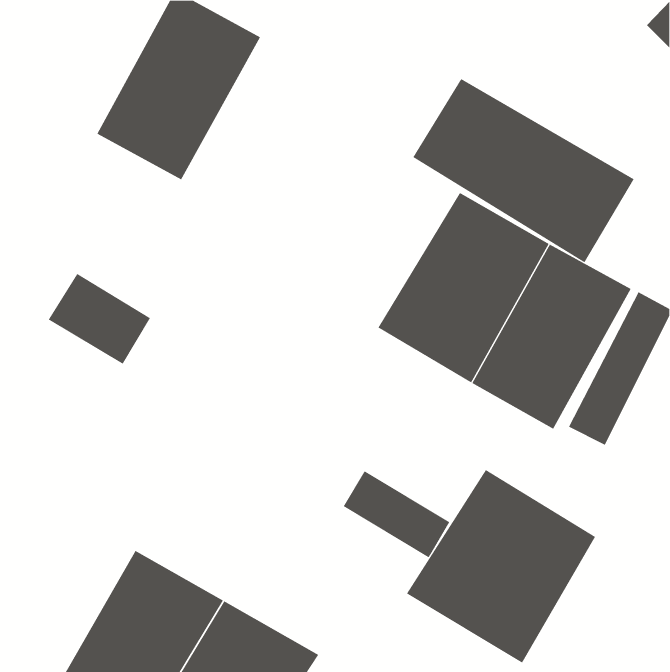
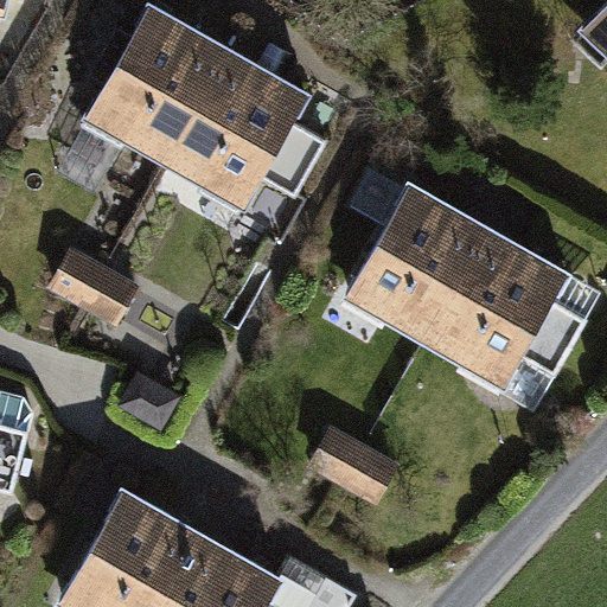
building: none -> [162,38,317,212]
building: [412,78,634,263] -> none
building: [406,469,596,664] -> none

